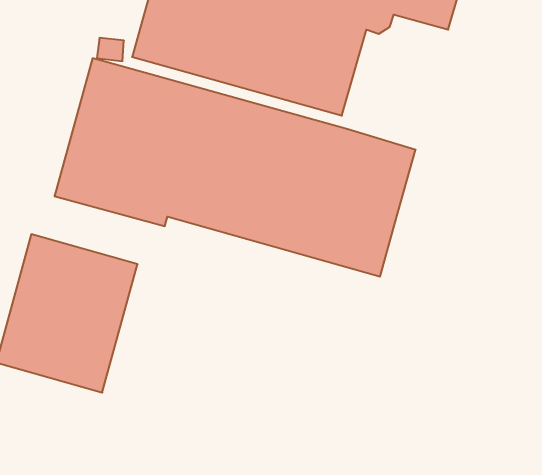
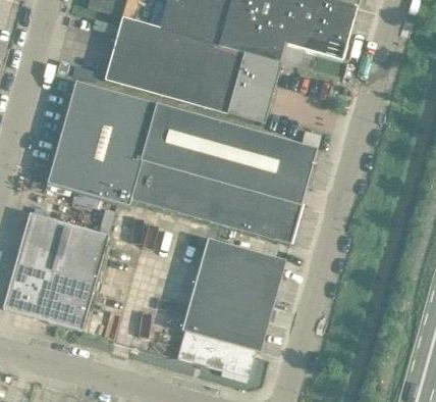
building: none -> [177,238,284,375]

